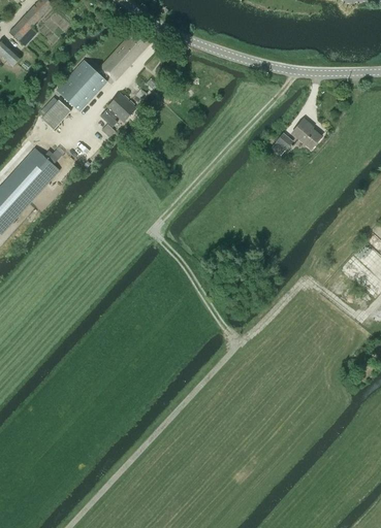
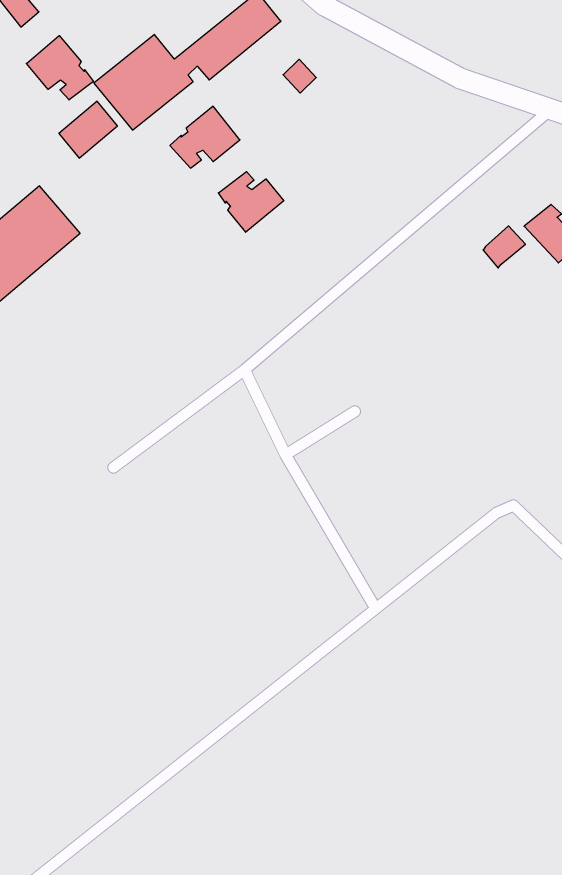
building: none -> [26,36,93,100]
building: none -> [218,172,284,232]

